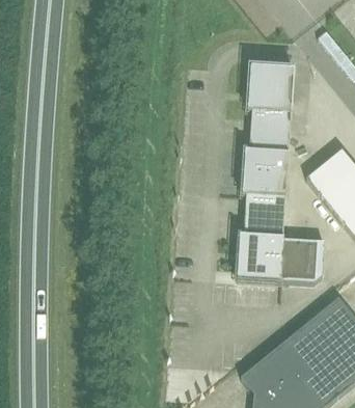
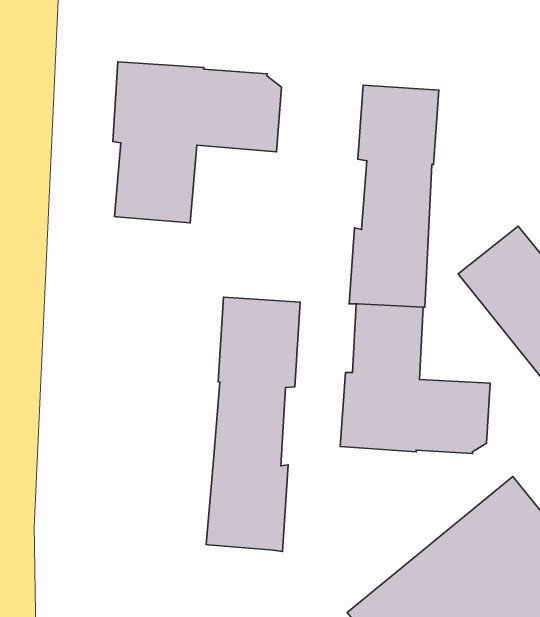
building: none -> [113,62,281,223]
building: none -> [206,297,300,551]

